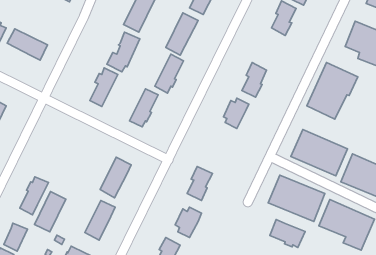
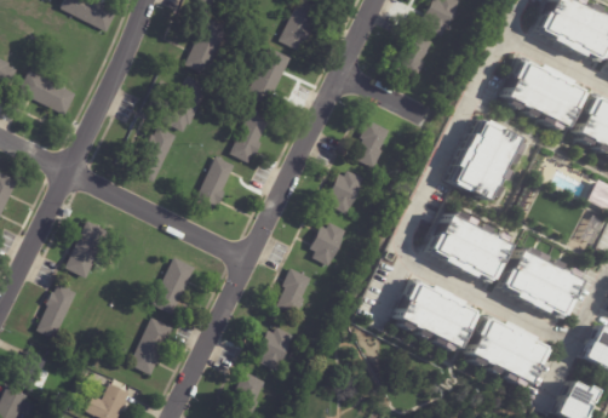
building: none -> [310,222,346,265]
building: [35,191,66,232] -> [64,218,109,276]
building: [270,220,305,247] -> none

